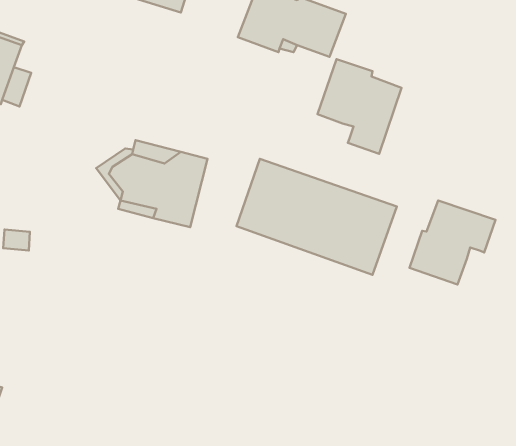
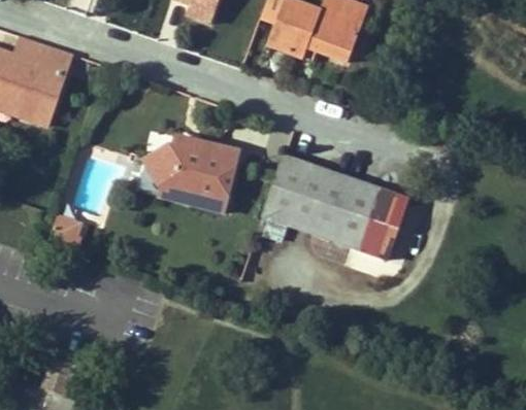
building: [318,59,402,154] -> none
building: [409,201,496,284] -> none

